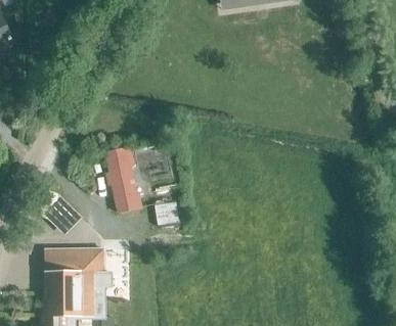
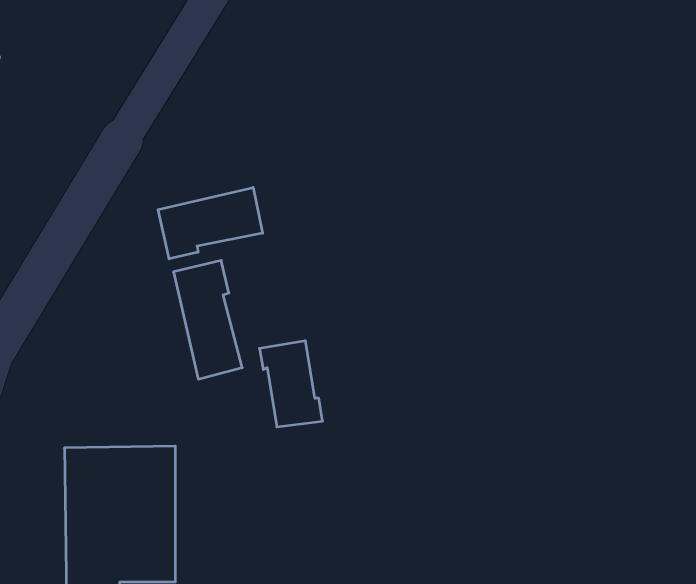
building: none -> [158,187,263,259]

